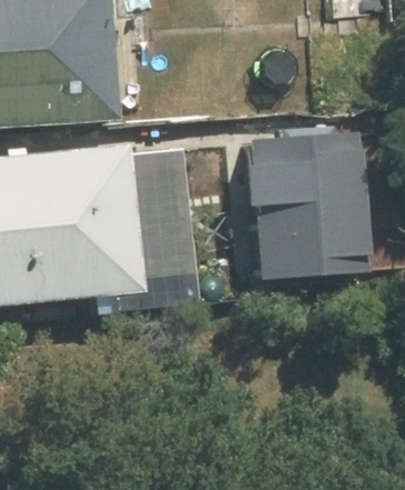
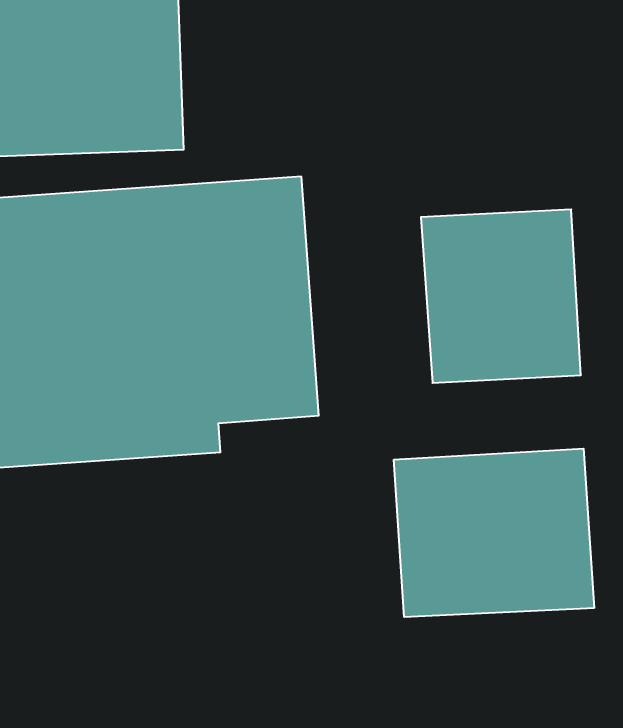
building: none -> [394,449,594,617]

